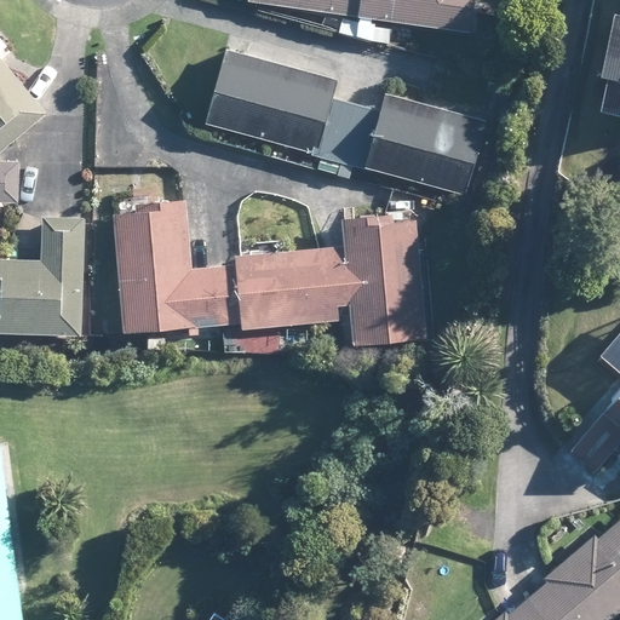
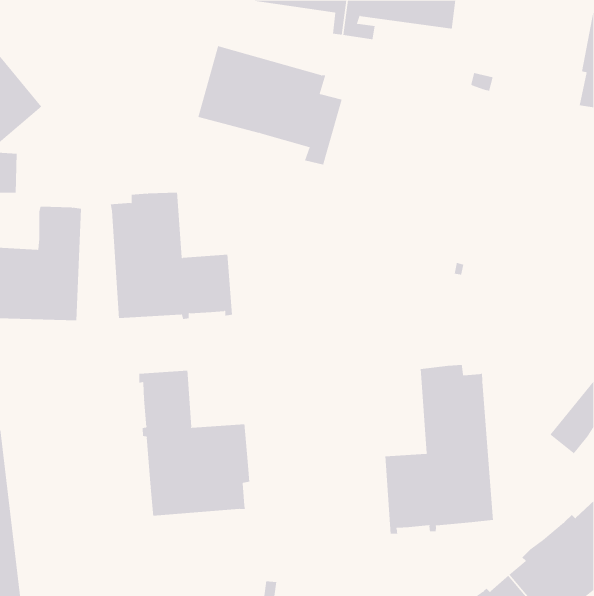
building: [339,94,483,195] -> none
building: [235,216,423,344] -> none
building: none -> [385,364,493,534]
building: none -> [139,370,250,516]

